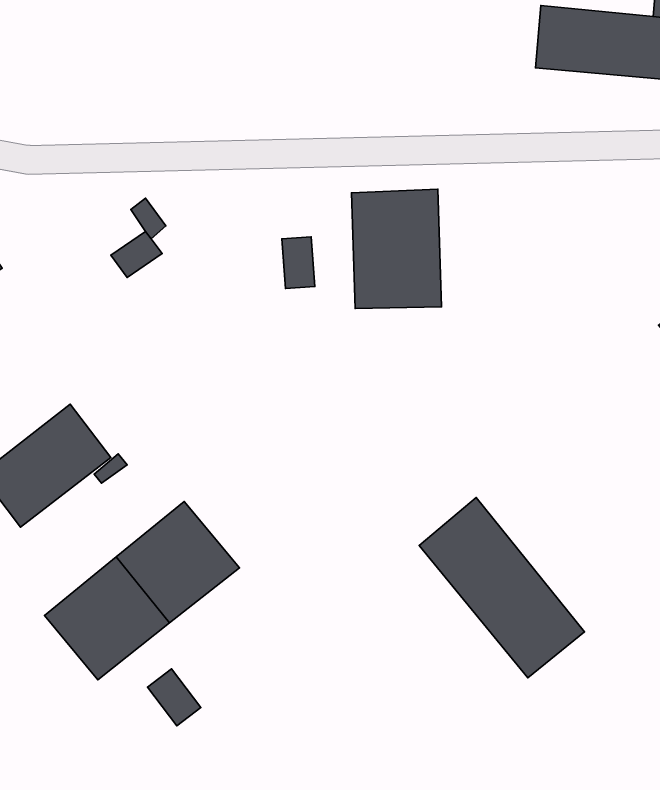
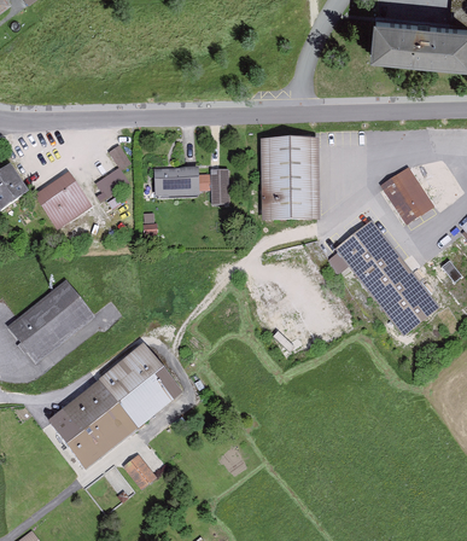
building: none -> [154,170,195,197]
building: none -> [381,170,430,226]
building: none -> [35,173,92,229]
building: [419,498,585,678] -> [333,219,442,337]

